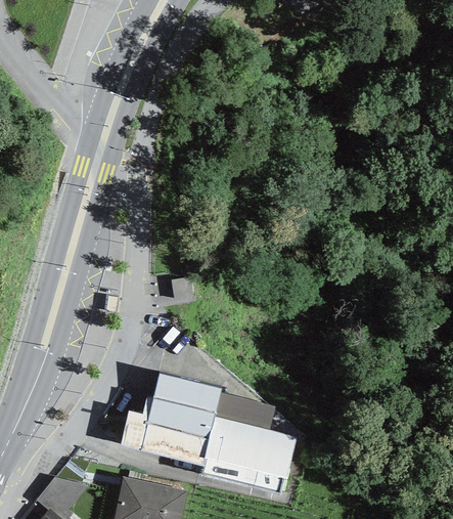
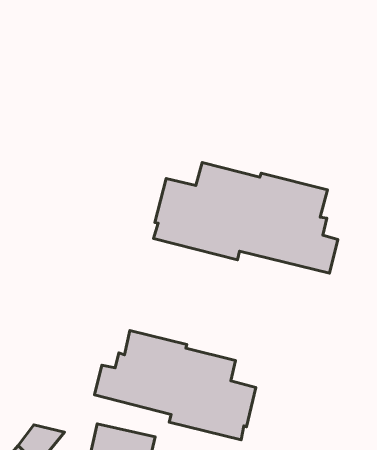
building: none -> [153,163,338,273]

